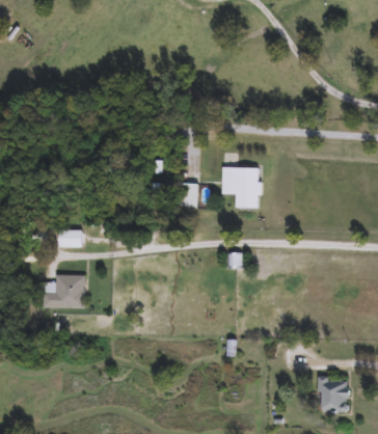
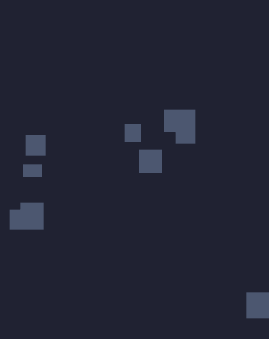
building: none -> [25,134,46,157]
building: none -> [138,149,163,174]

